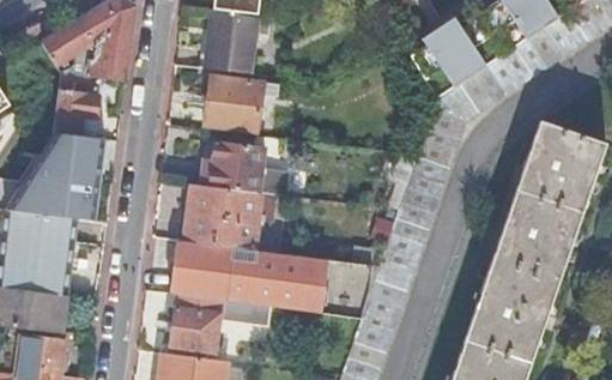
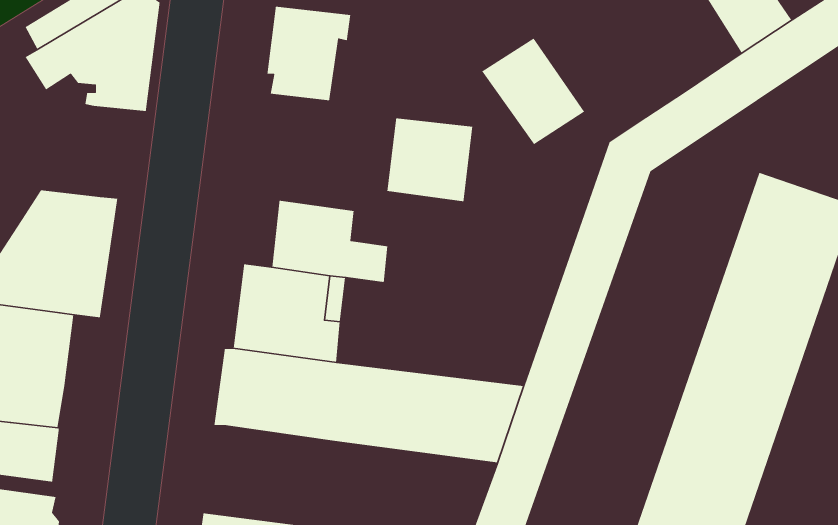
building: [420,17,491,90] -> [481,38,585,145]
building: [53,74,98,139] -> none
building: [205,77,263,134] -> [387,117,473,202]
building: [171,295,254,354] -> none

